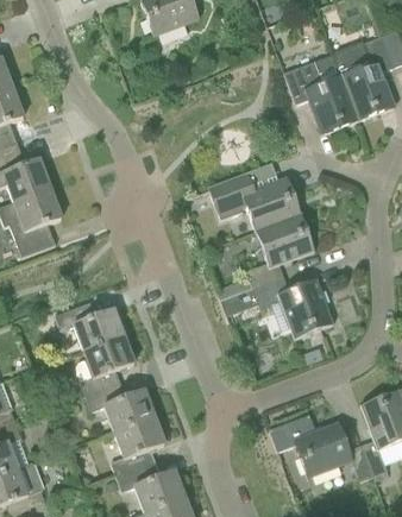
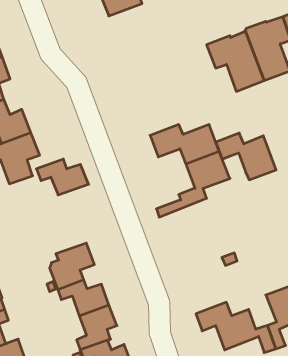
building: [252,275,332,336] -> [216,133,276,180]
building: [55,301,124,348] -> [36,159,89,195]

